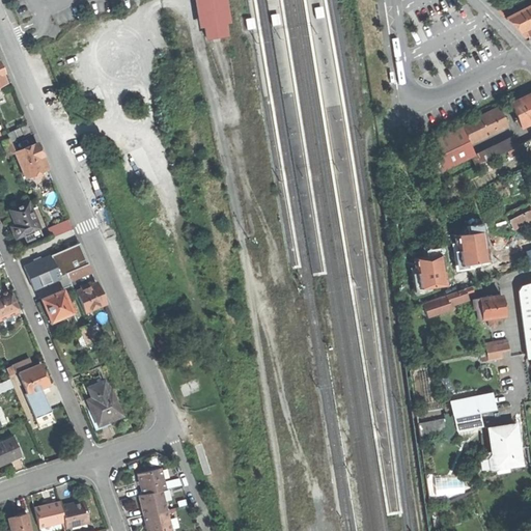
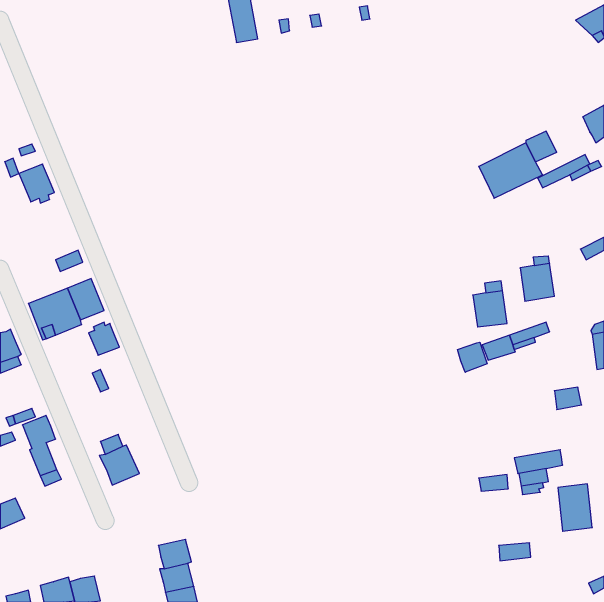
building: [479,106,507,134] -> none
building: [11,202,43,242] -> none
building: [43,291,76,325] -> none
building: [475,296,504,319] -> none
building: none -> [457,342,487,372]

